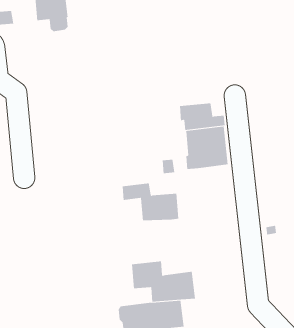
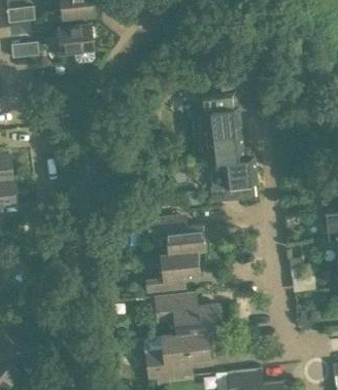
building: none -> [191,96,237,140]
building: none -> [146,252,200,293]

